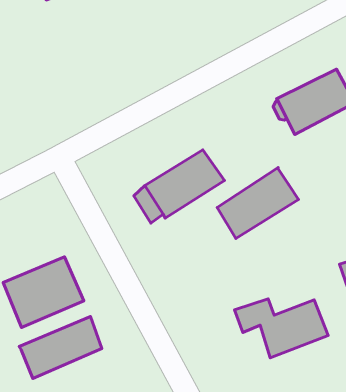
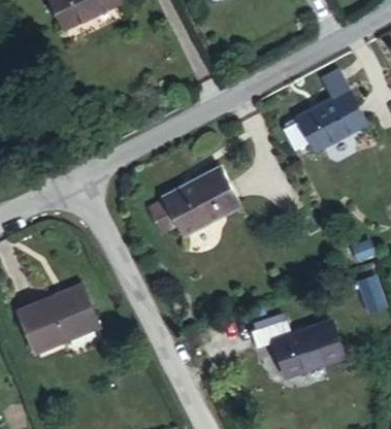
building: [217,167,298,238] -> none
building: [19,317,102,379] -> none

